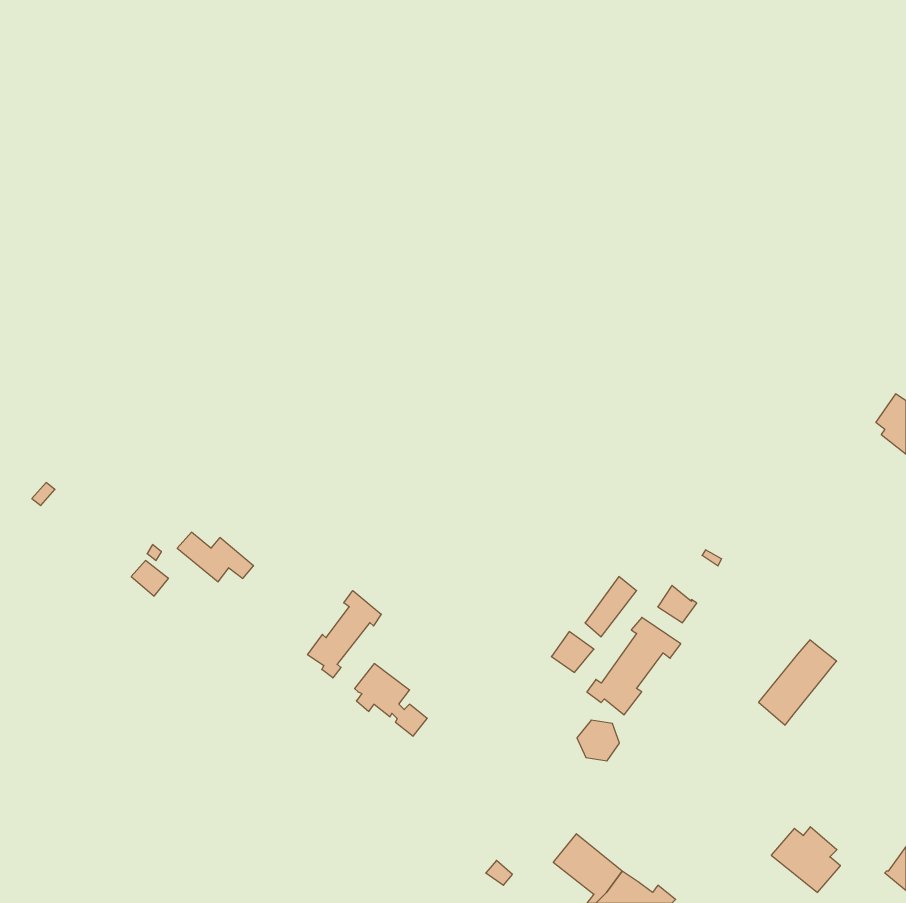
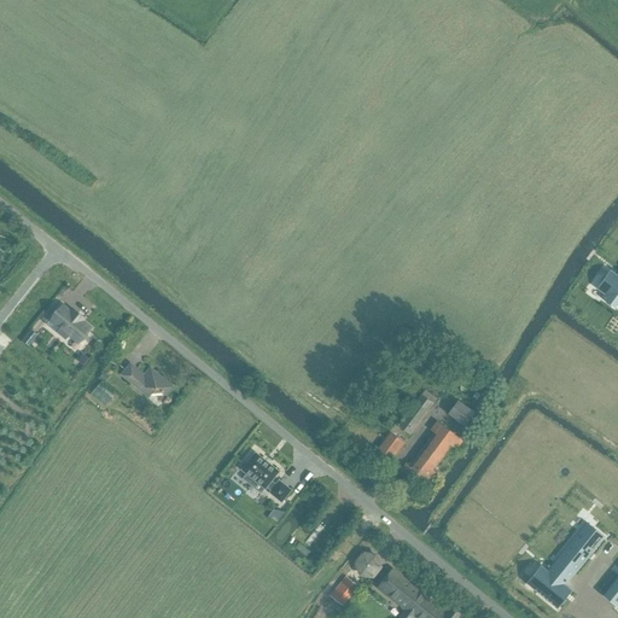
building: none -> [52,304,91,340]
building: [308,591,381,678] -> none
building: [759,640,837,725] -> [552,520,605,578]
building: [577,720,619,761] -> [352,549,381,577]

